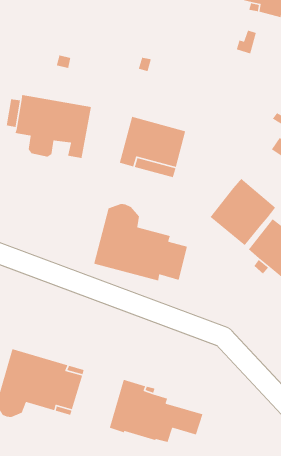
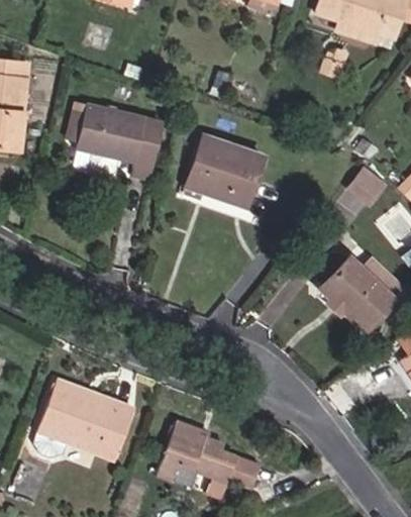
building: [209,178,276,246] -> none
building: [93,203,188,281] -> none

